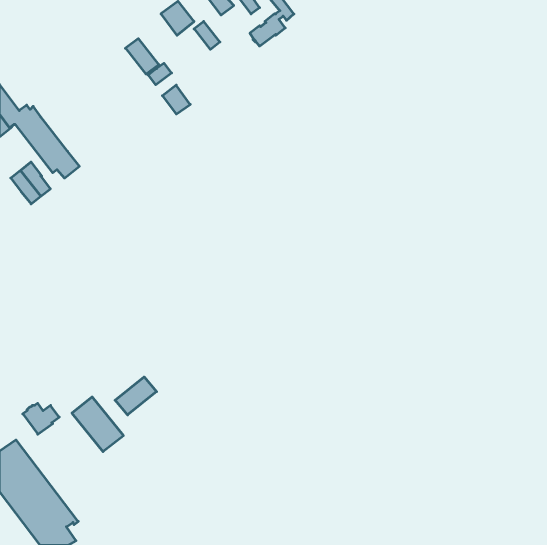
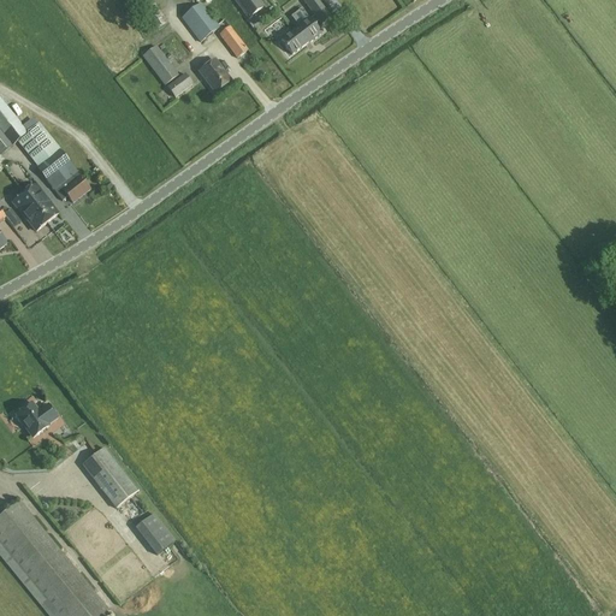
building: [162,85,190,114] -> [199,58,230,90]
building: [115,377,157,415] -> none
building: [23,403,59,434] -> [14,401,55,436]
building: none -> [134,513,172,553]

